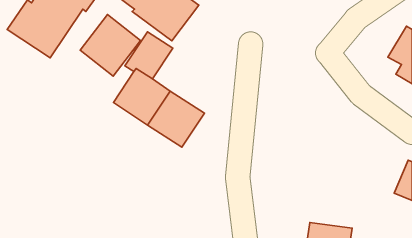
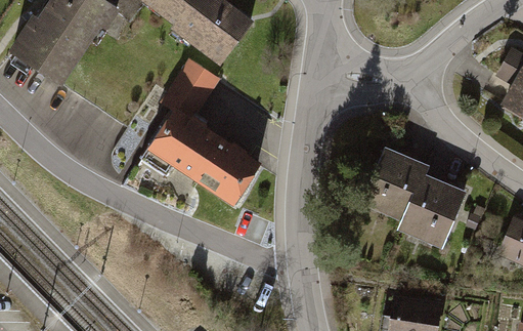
building: [80,14,140,76] -> none
building: none -> [358,147,468,251]

